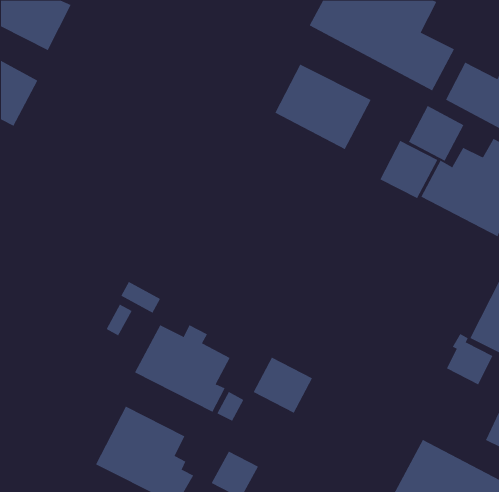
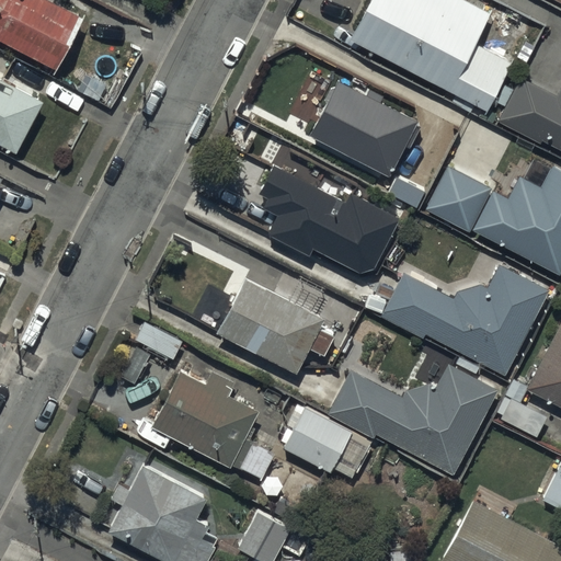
building: [408,105,464,162] -> none
building: none -> [254,163,401,273]
building: none -> [380,266,550,378]
building: none -> [216,276,335,374]
building: none -> [329,366,497,479]

